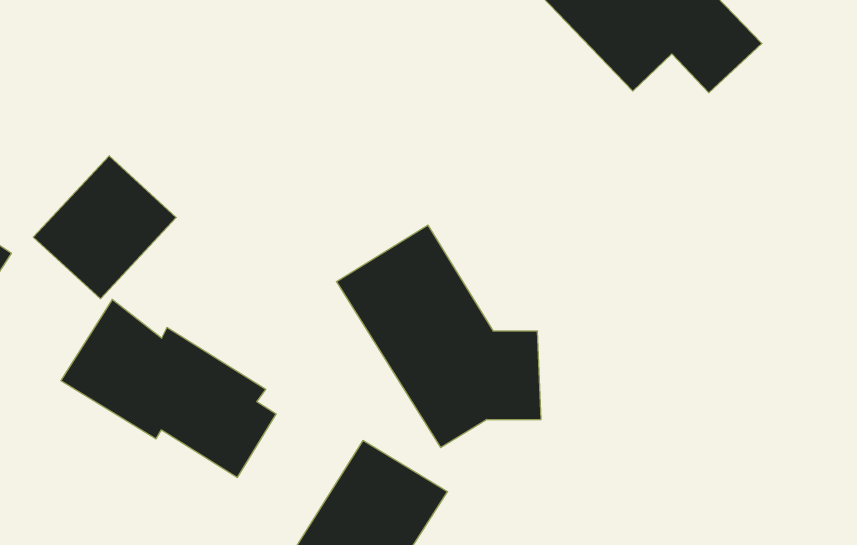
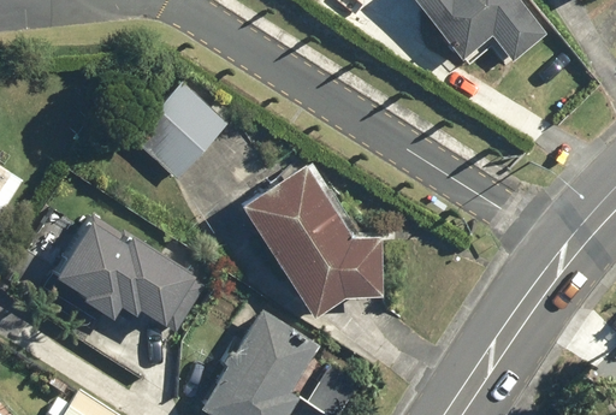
building: [33,156,176,299] -> [129,82,226,179]

